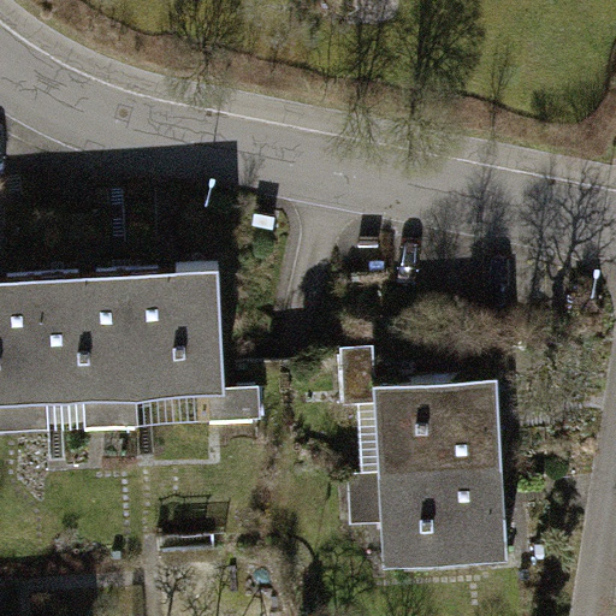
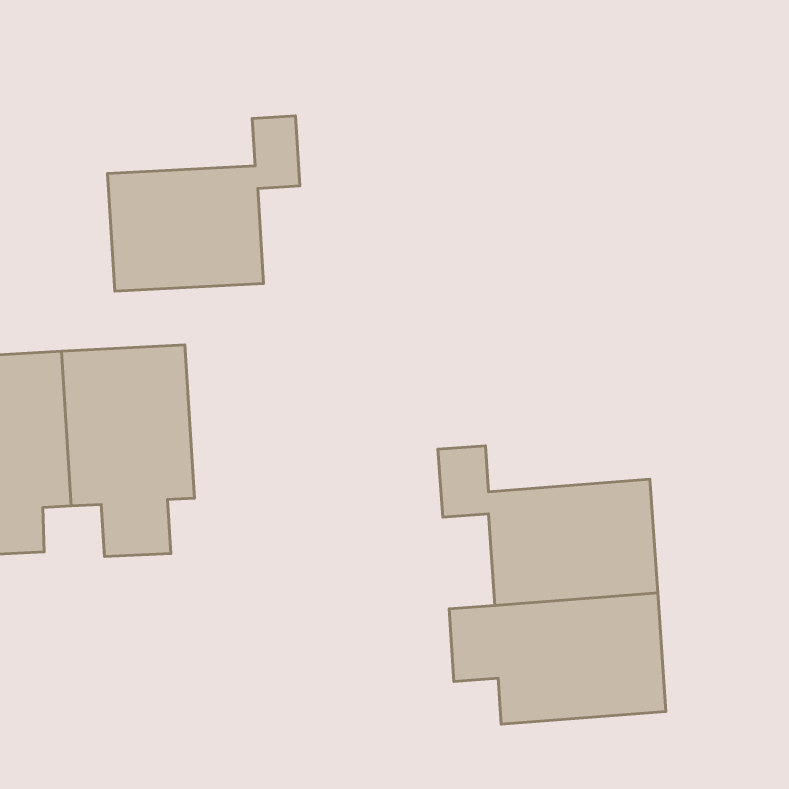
building: none -> [108,116,300,291]
building: [141,272,253,428] -> none

